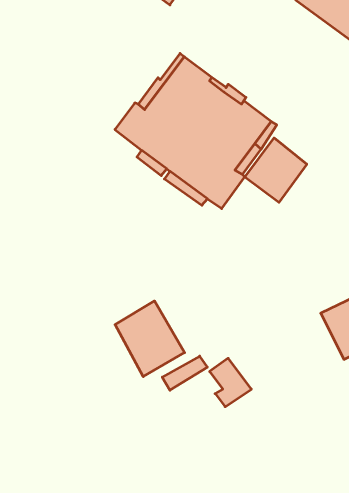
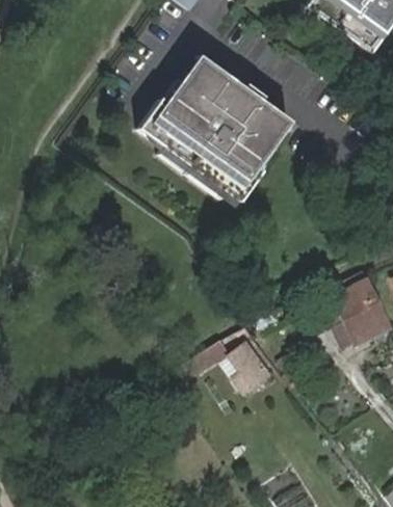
building: [245,138,307,202] -> none
building: [115,301,185,377] -> none

